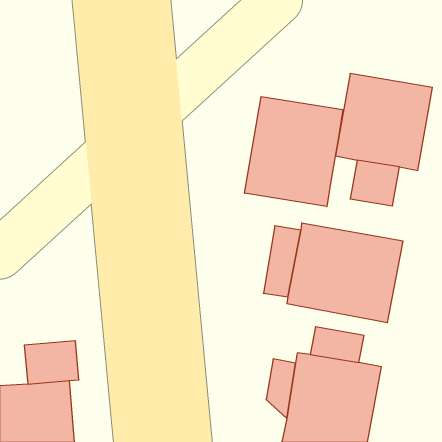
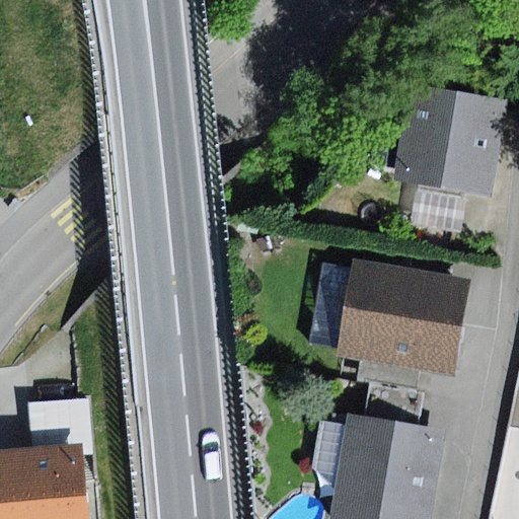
building: [245,97,343,207] -> none

